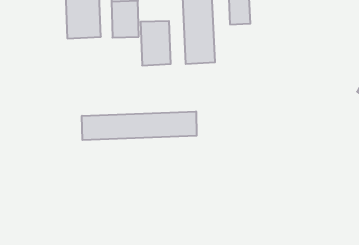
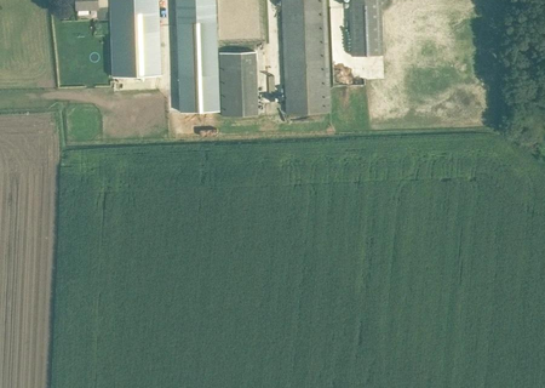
building: none -> [177,74,218,112]
building: [82,111,197,140] -> none

